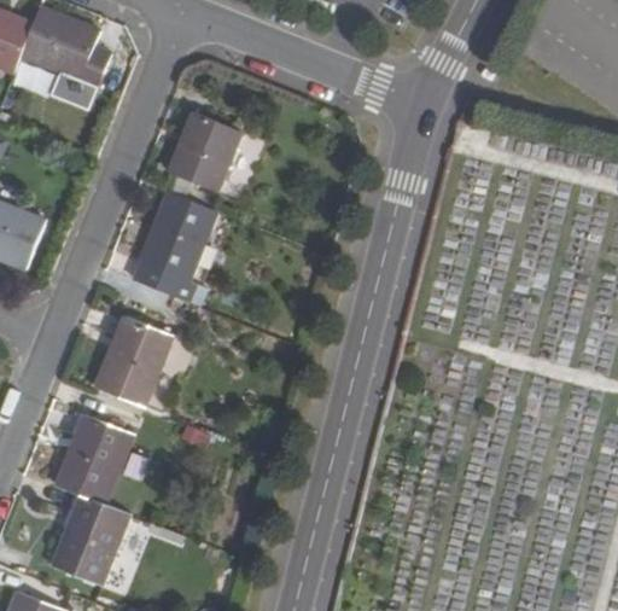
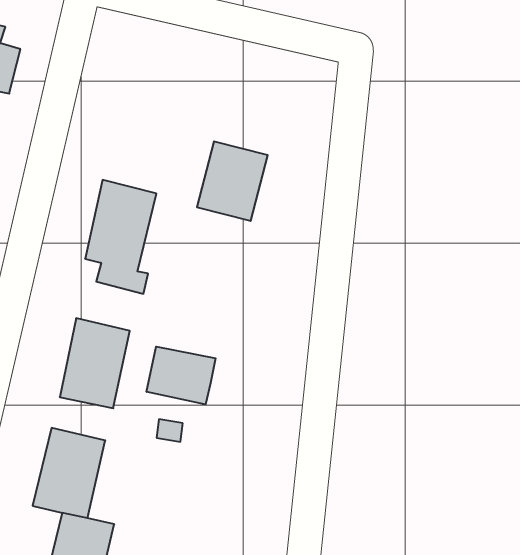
building: [168,112,241,192] -> [197,141,268,221]
building: none -> [147,347,216,404]

